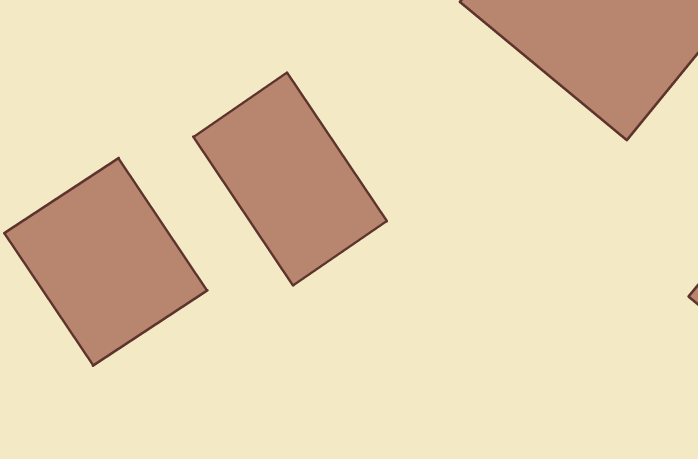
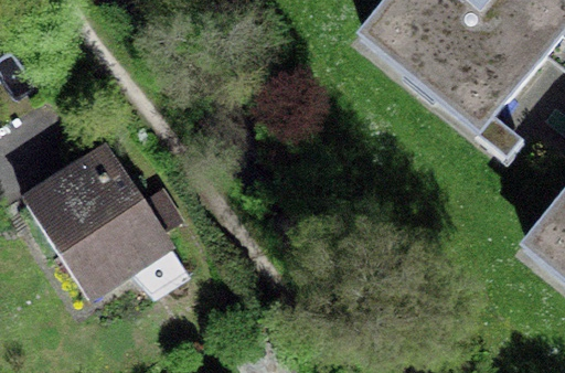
building: [193,73,387,285] -> none

